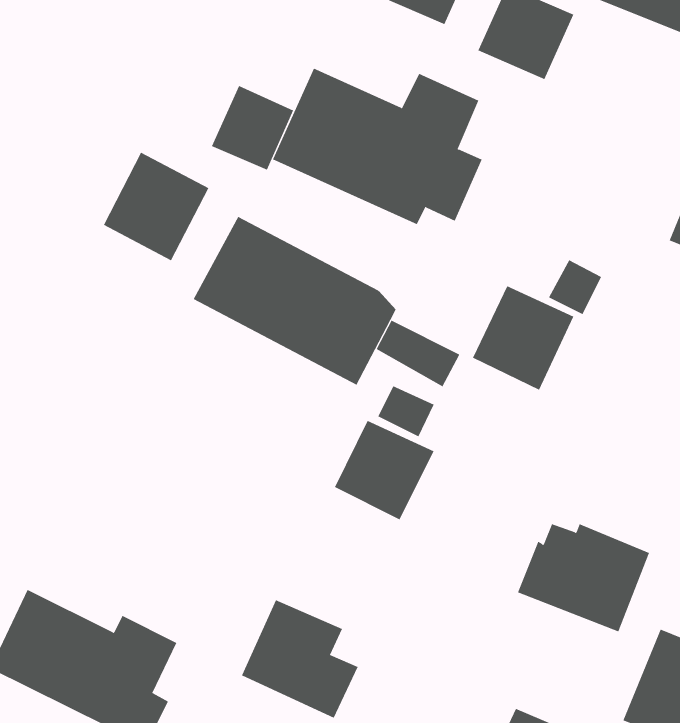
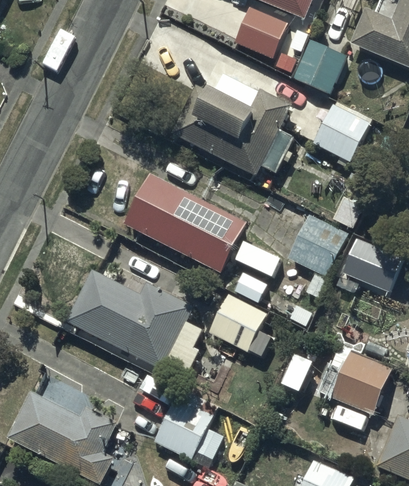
building: [211,85,294,171] -> none
building: none -> [314,101,374,168]
building: [103,152,209,261] -> none
building: none -> [342,236,402,290]
building: none -> [64,266,201,369]

